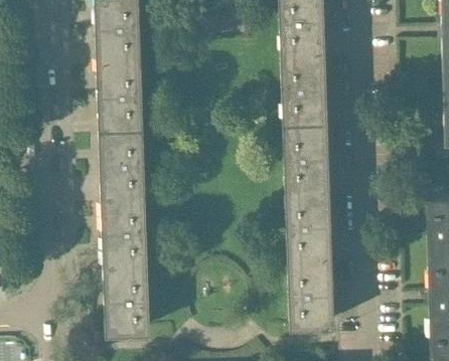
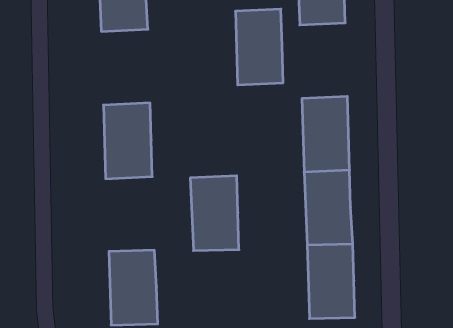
building: [281,50,325,121] -> [235,9,283,85]
building: [97,56,142,127] -> none
building: [101,193,146,262] -> [190,176,239,251]

